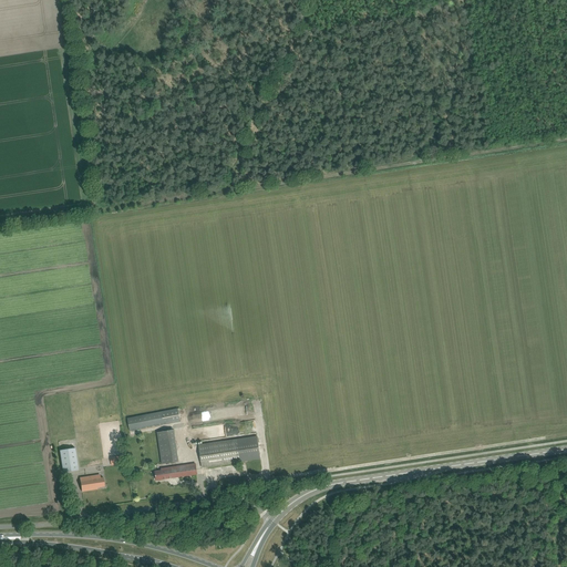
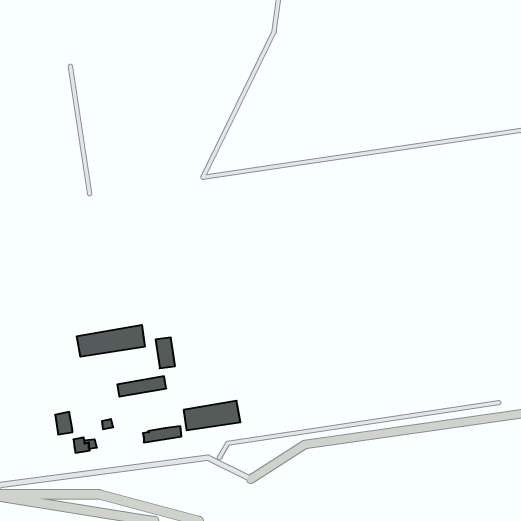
building: none -> [77,325,145,357]
building: [157,430,178,463] -> [156,338,175,368]

